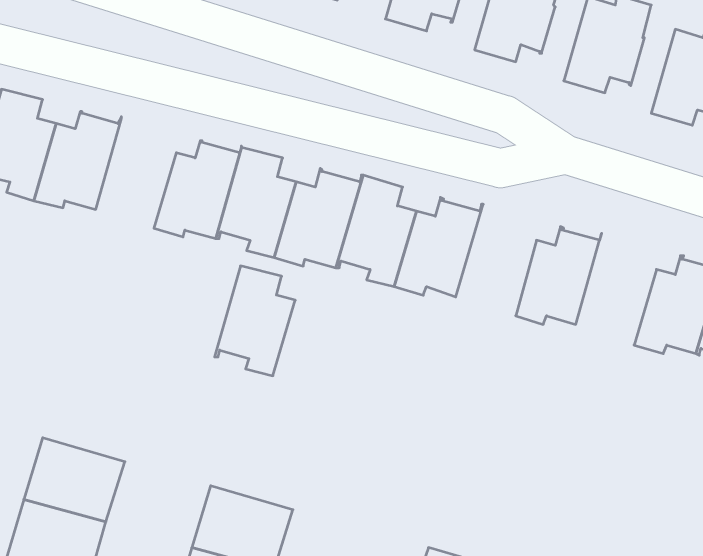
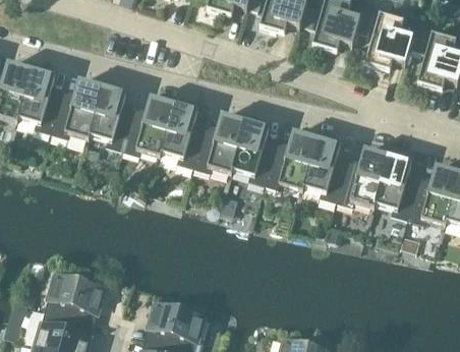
building: none -> [300,134,348,200]
building: none -> [371,152,419,218]
building: [215,266,295,376] -> [87,83,134,149]

